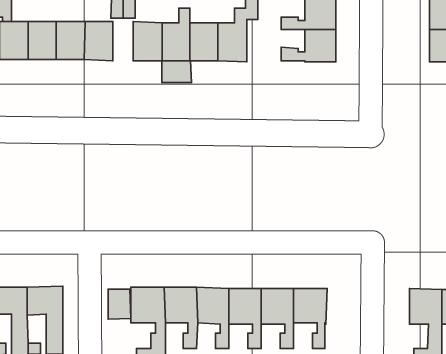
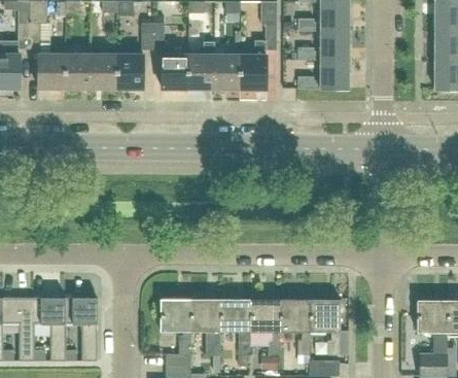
building: [162,61,191,83] -> none
building: [108,289,131,319] -> none

